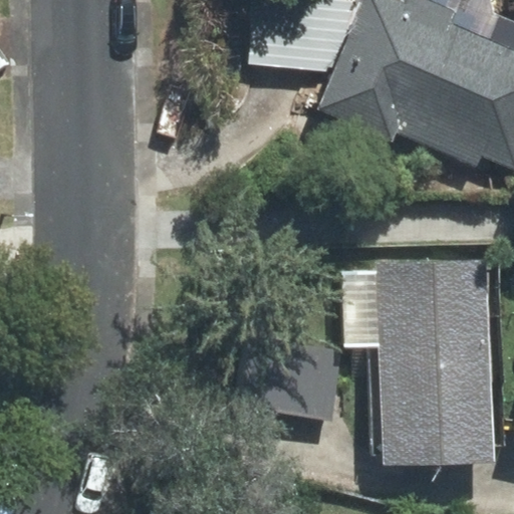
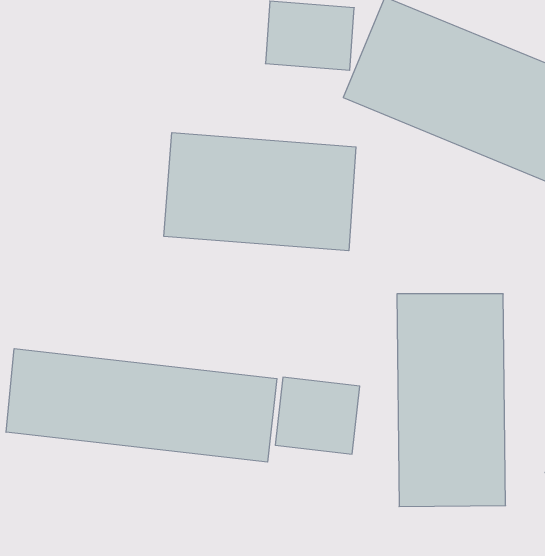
building: none -> [164,133,356,251]
building: none -> [6,349,277,462]

